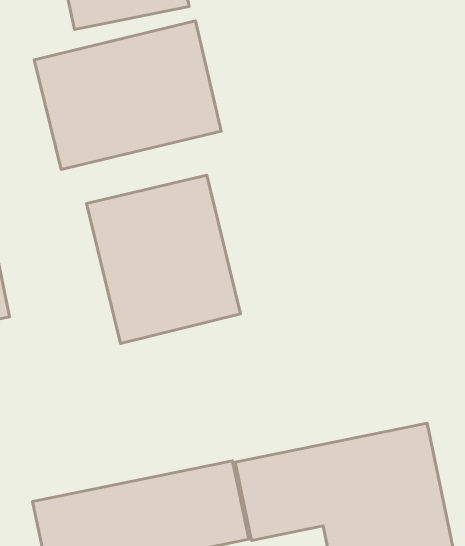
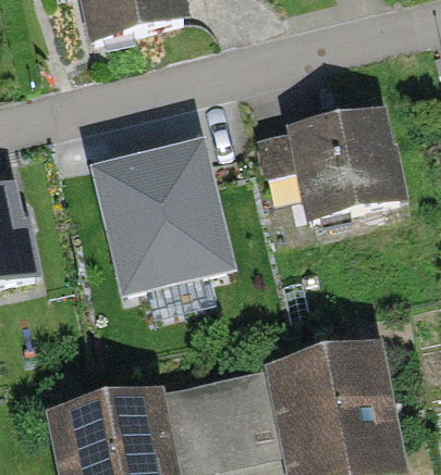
building: [34,21,221,169] -> none
building: none -> [258,103,395,215]

